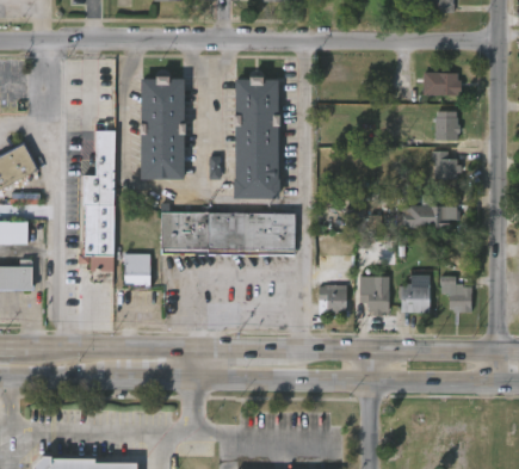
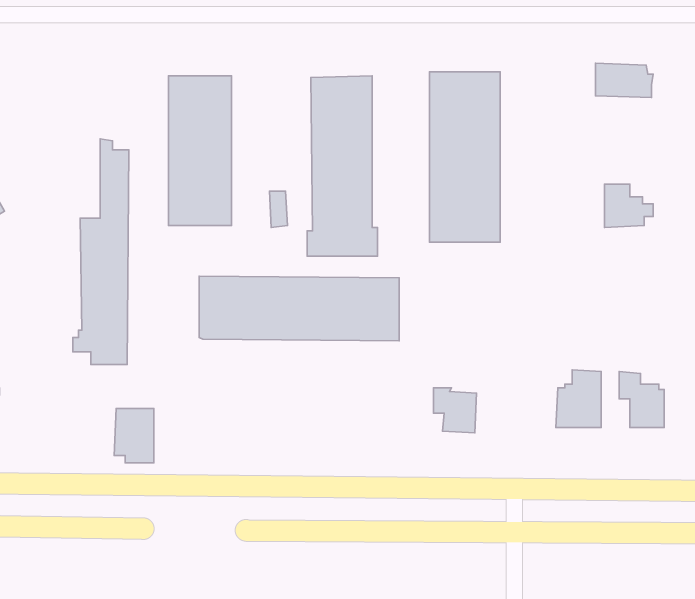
building: none -> [429,72,500,242]
building: [434,111,461,141] -> none
building: [398,195,458,229] -> none
building: [123,254,149,290] -> [114,409,154,463]
building: [359,288,387,316] -> none

